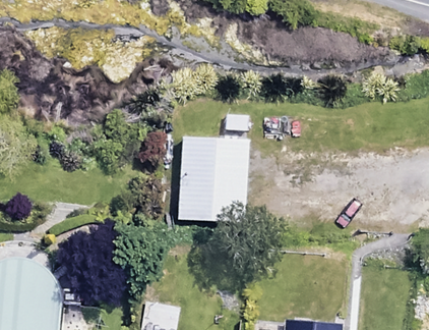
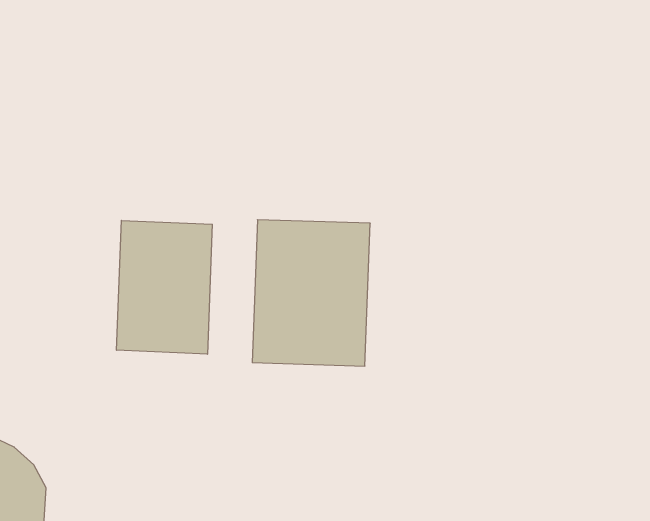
building: none -> [117,220,212,354]

